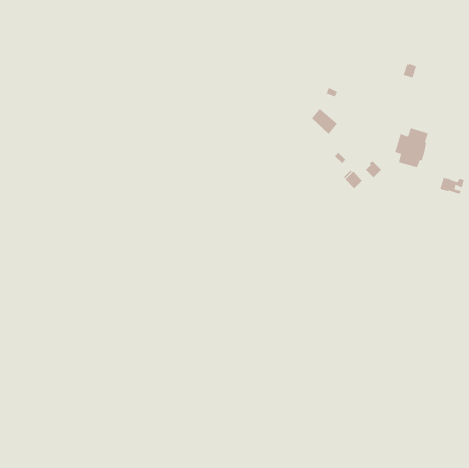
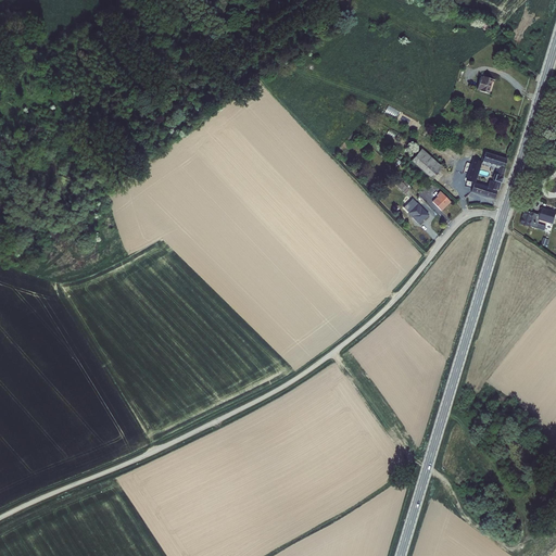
building: [311,108,338,135] -> [412,148,443,179]

